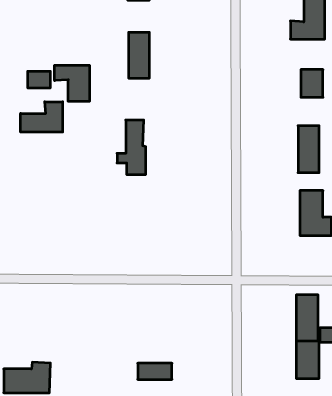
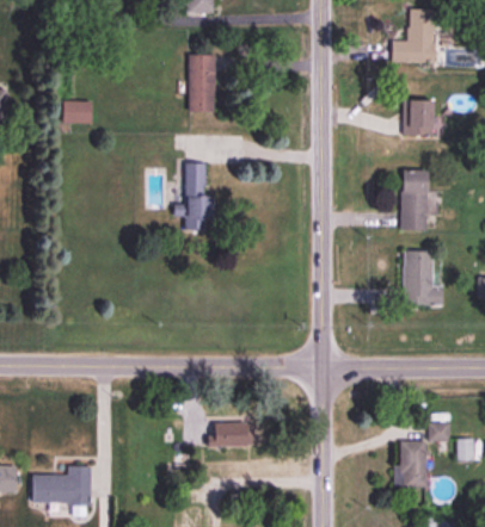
building: [55,65,89,101] -> none
building: [21,102,63,132] -> none
building: [297,295,318,341] -> none
building: [138,363,172,379] -> [210,426,253,446]

